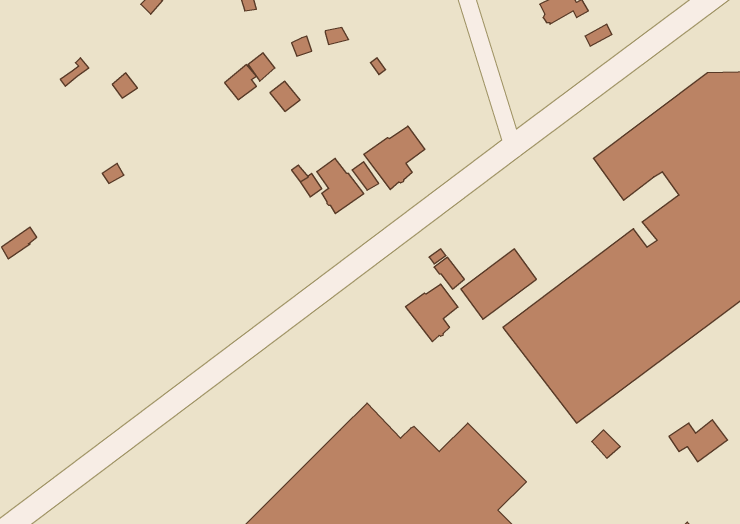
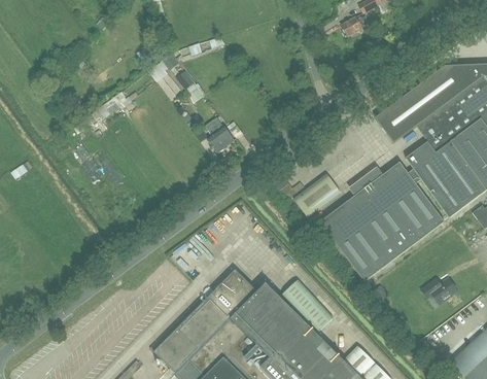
building: [364,126,425,190] -> none
building: [406,284,458,342] -> none

